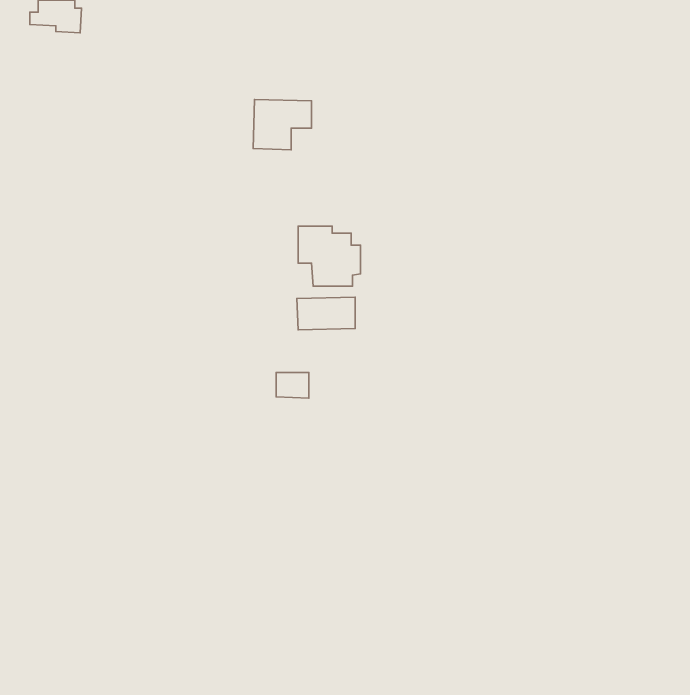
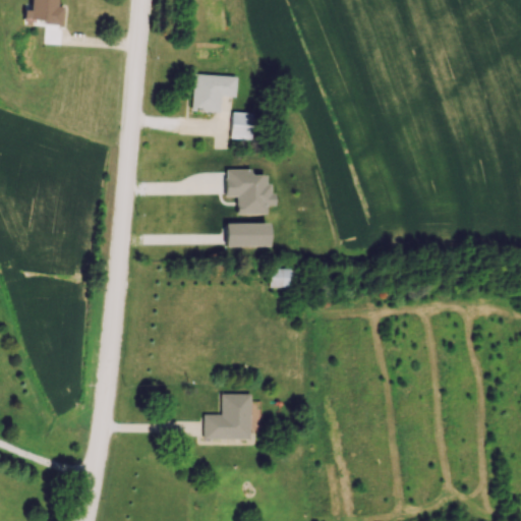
building: none -> [233,113,254,139]
building: [276,372,309,398] -> [271,269,295,288]
building: none -> [205,394,252,440]

